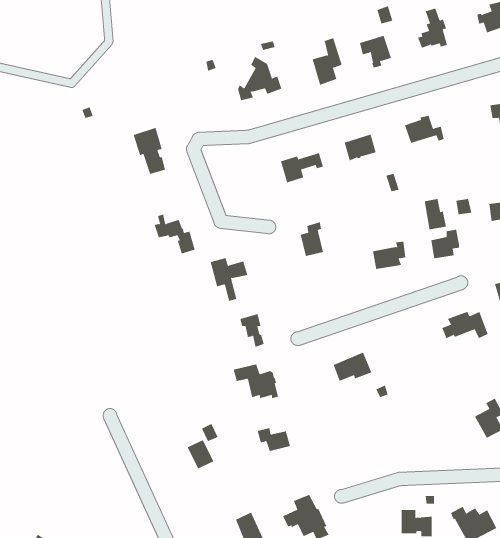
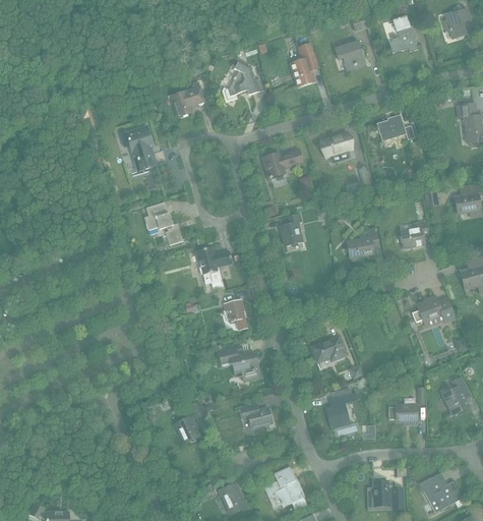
building: none -> [171,77,206,116]
building: [424,198,447,230] -> none
building: none -> [324,392,357,426]
building: none -> [388,404,416,424]

